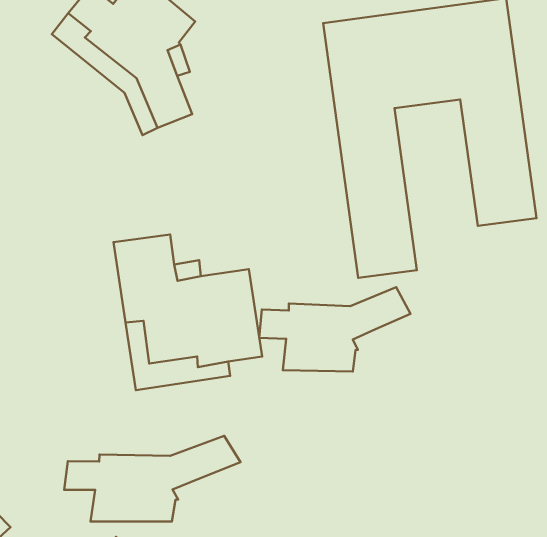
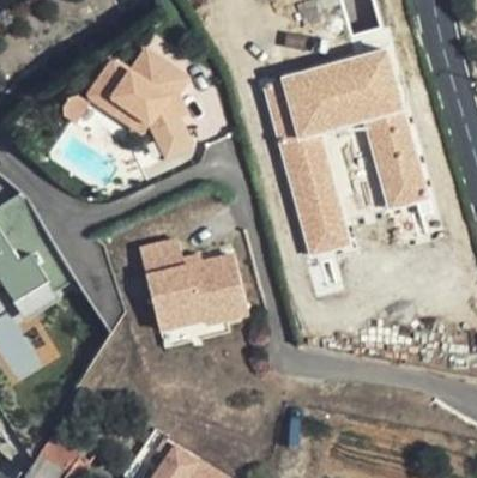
building: [259,287,411,372] -> none
building: [64,436,240,522] -> none

